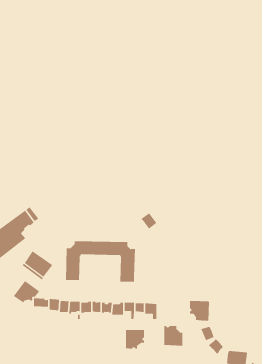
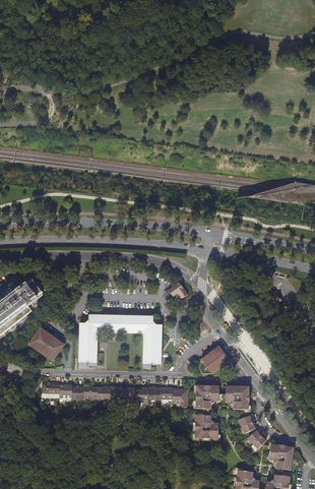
building: none -> [198,345,229,372]
building: [13,280,40,303] -> none
building: [125,329,145,349] -> [195,384,218,408]

